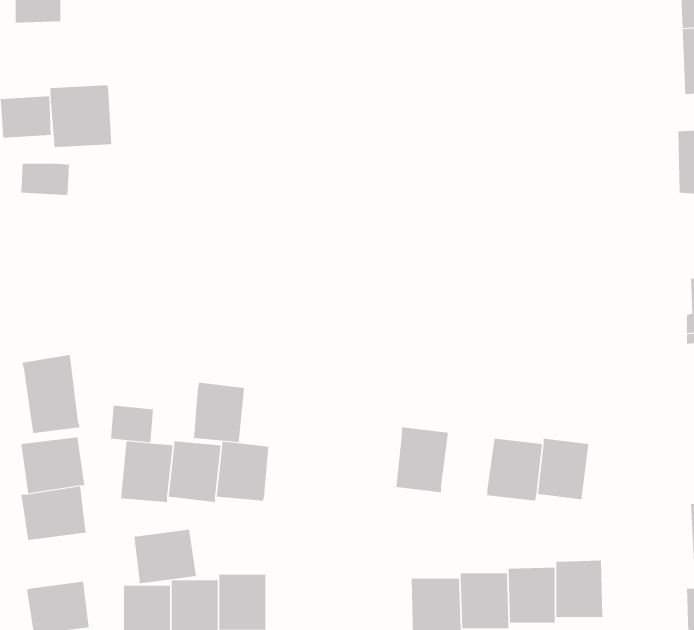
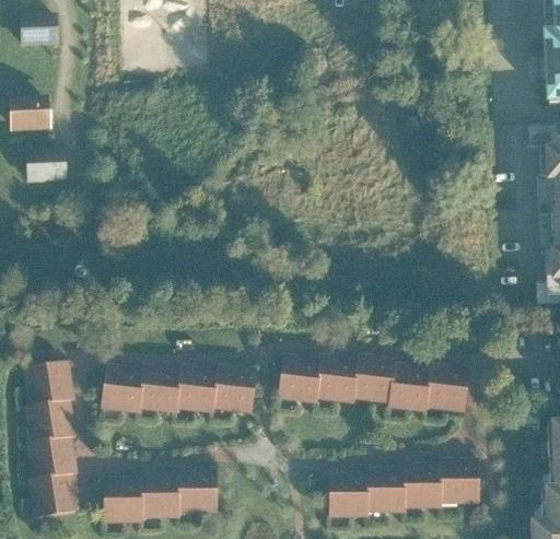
building: [50,84,112,148] -> none
building: [22,354,80,434] -> none
building: [193,382,245,443] -> [215,366,256,413]
building: [110,405,154,443] -> none
building: none -> [353,355,394,405]
building: none -> [280,356,322,405]
building: [134,529,197,584] -> [28,438,78,481]

